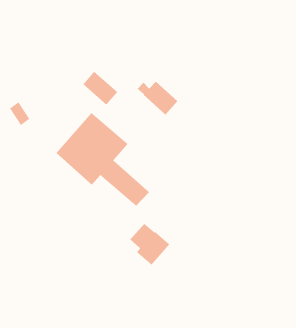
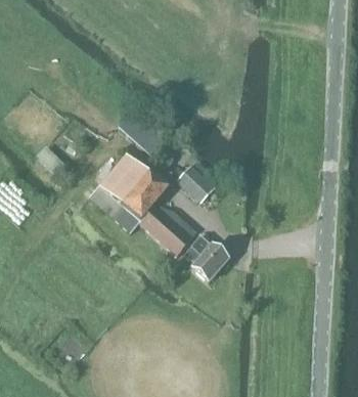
building: [137,81,178,116] -> [172,164,216,201]
building: [130,223,170,266] -> [186,234,229,279]

